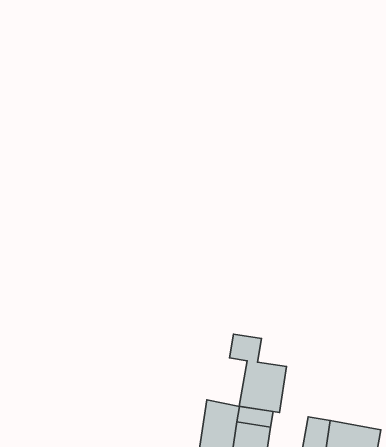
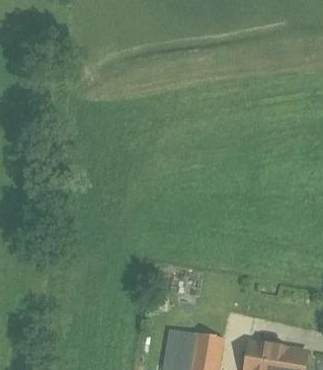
building: [230,334,287,413] -> none

